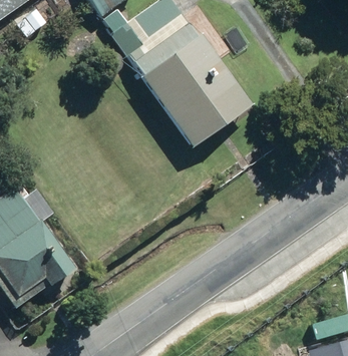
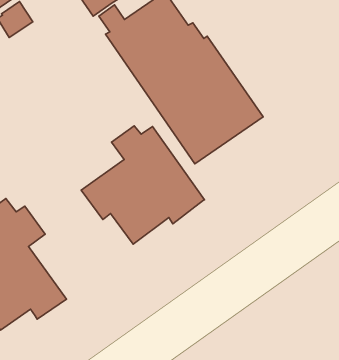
building: none -> [81,126,205,244]

